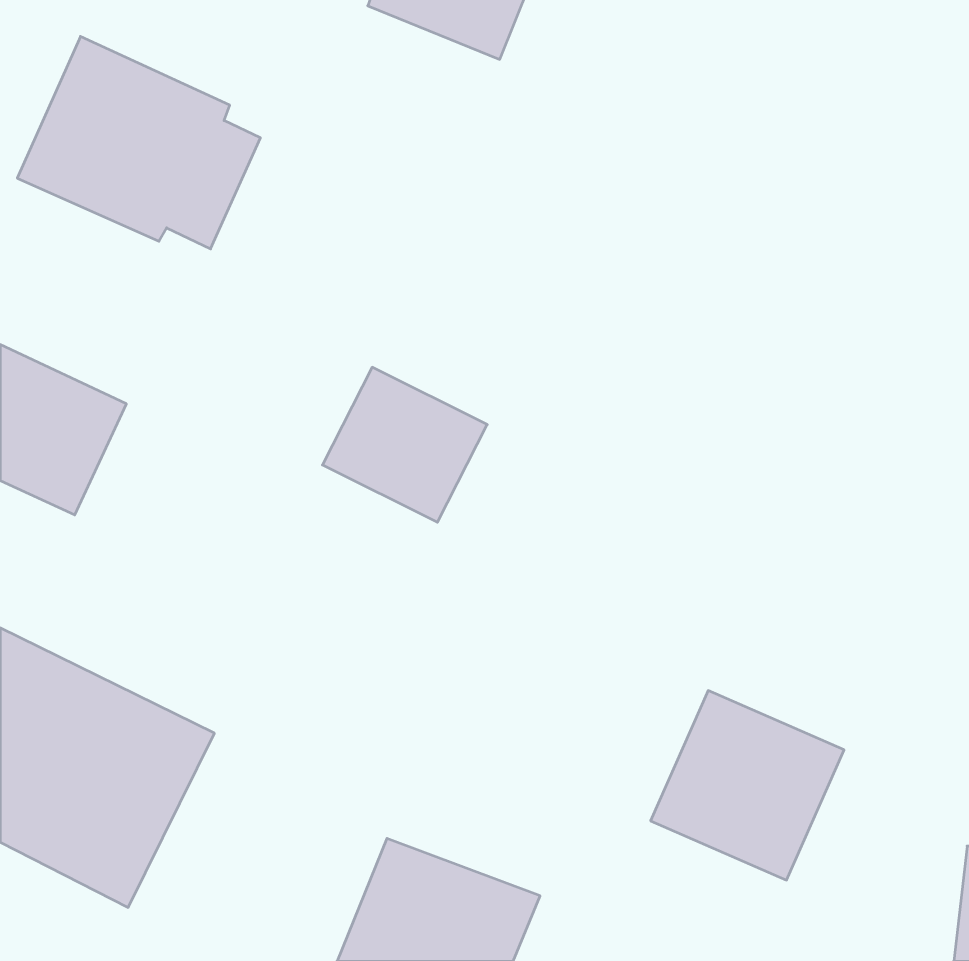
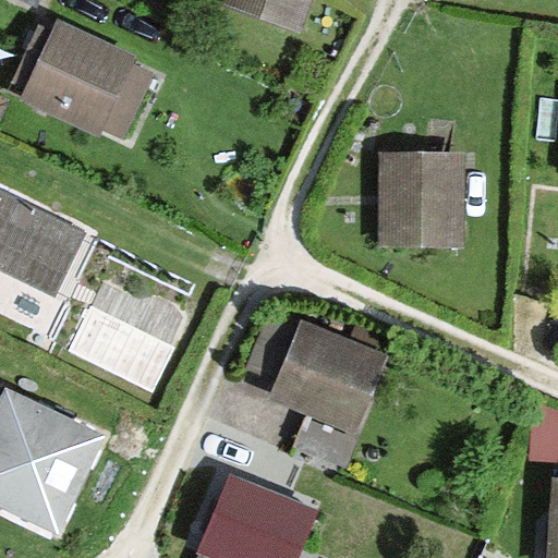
building: none -> [377,159,462,245]
building: [322,367,487,522] -> [81,271,174,360]
building: [651,691,844,880] -> [265,326,375,434]

